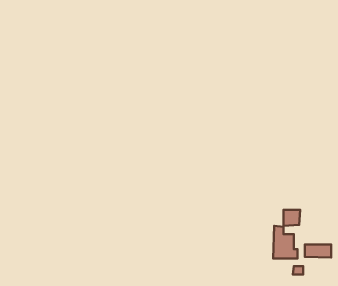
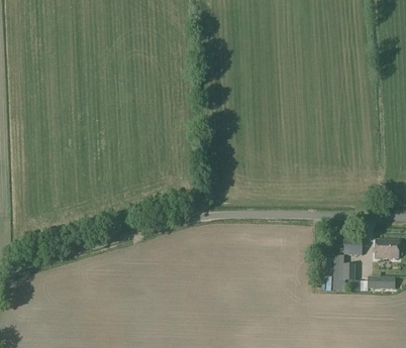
building: none -> [374,239,397,258]

